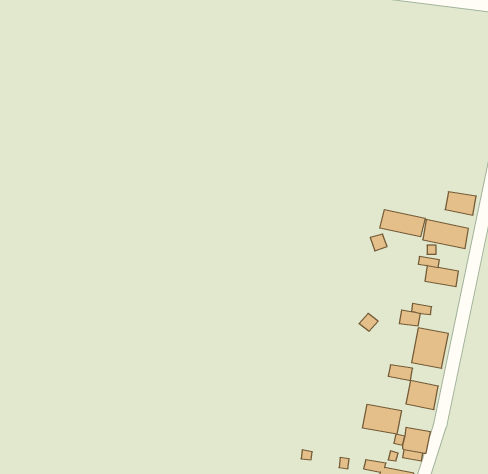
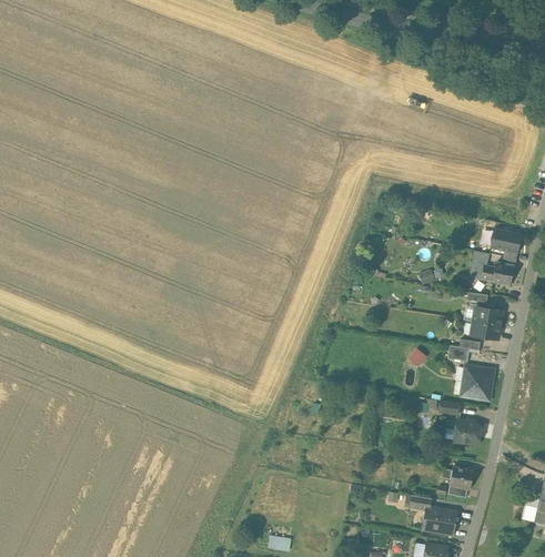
building: [380,210,425,237] -> none
building: none -> [467,317,502,338]
building: [363,404,401,434] -> none

